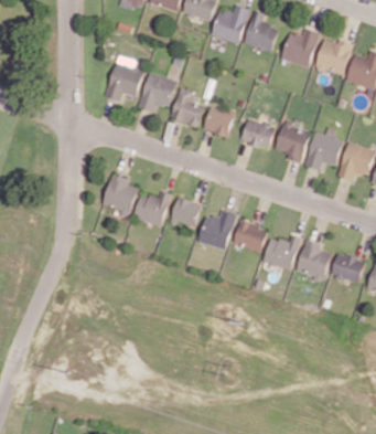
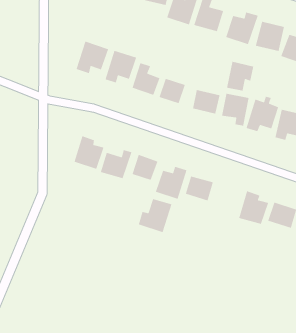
building: none -> [226,61,254,91]
building: [262,234,300,271] -> none
building: none -> [138,198,172,233]

